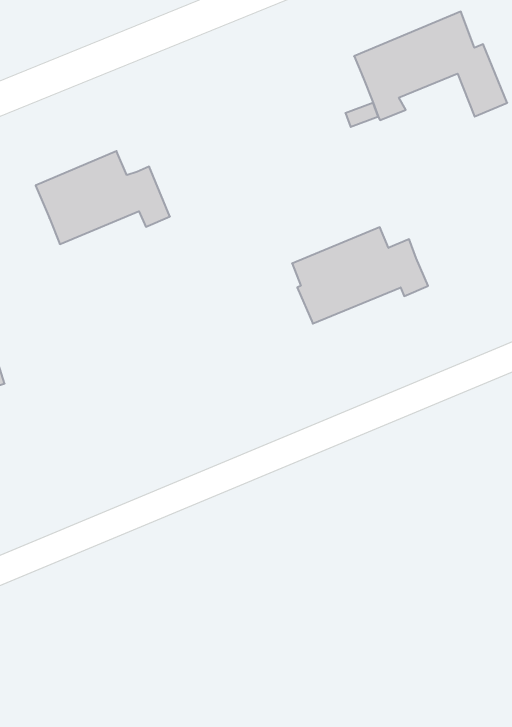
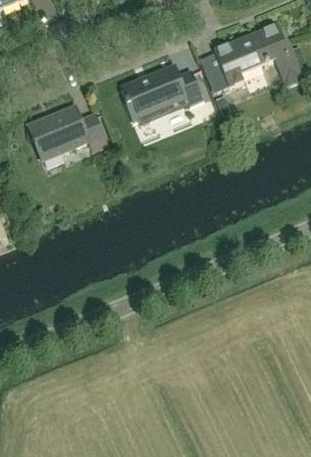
building: [292,227,428,324] -> [123,64,202,121]

